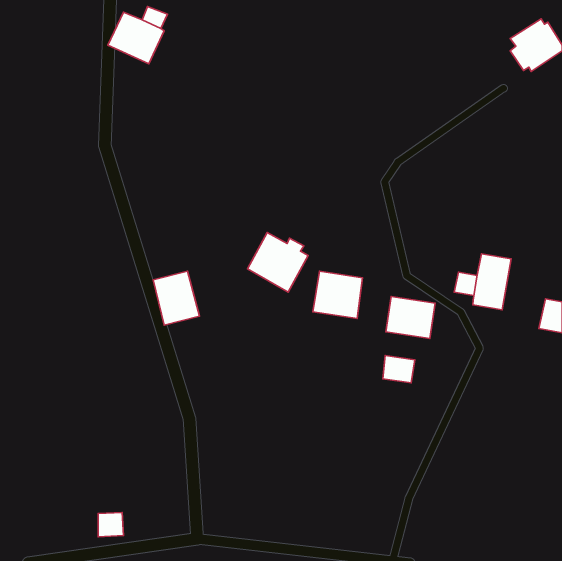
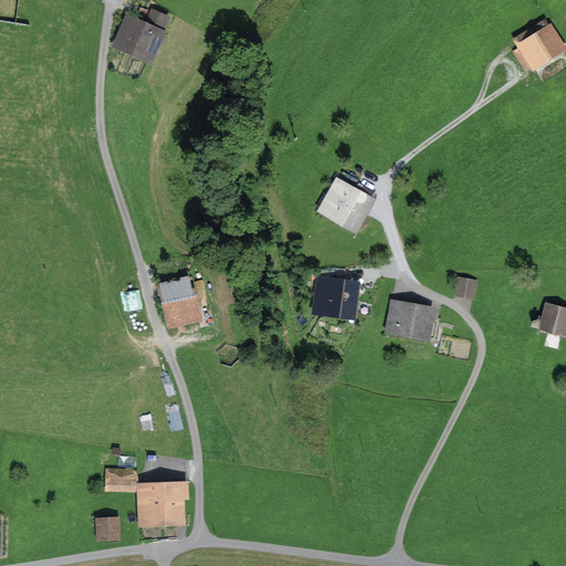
building: [247,233,308,292] -> [314,177,375,237]
building: [473,254,511,310] -> none
building: [383,355,415,383] -> none
building: none -> [104,464,188,525]

